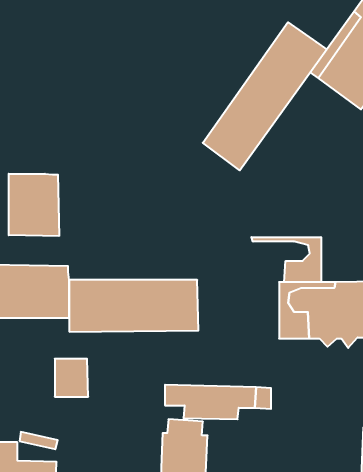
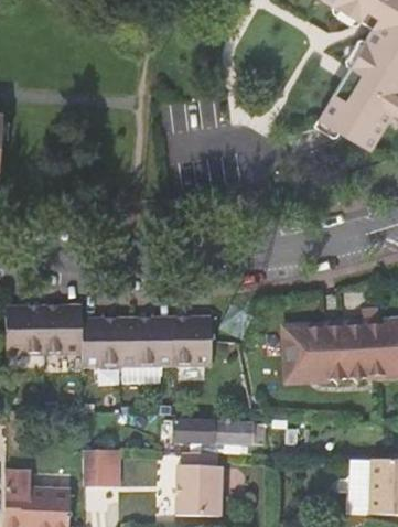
building: [203,22,327,170] -> none
building: [9,174,59,236] -> none
building: [251,237,321,282] -> none
building: [55,359,88,397] -> [85,451,117,487]

